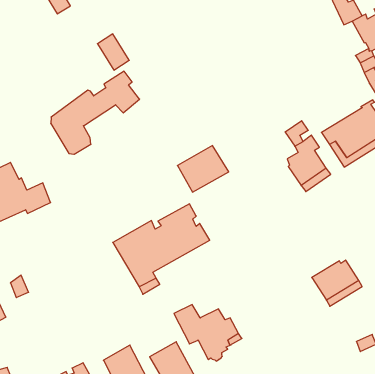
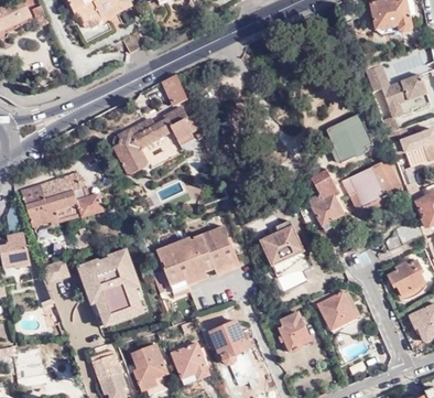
building: none -> [326,112,372,163]
building: [177,146,229,192] -> [262,226,305,263]
building: none -> [77,243,151,329]
building: none -> [278,311,308,352]

